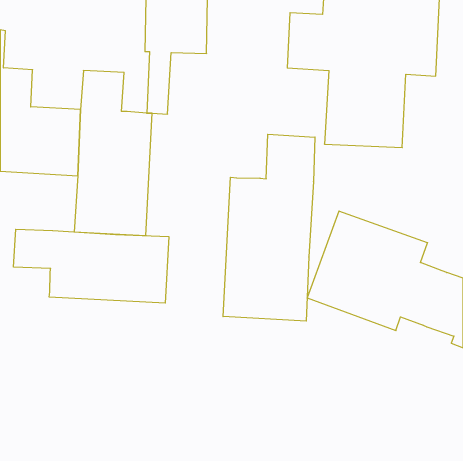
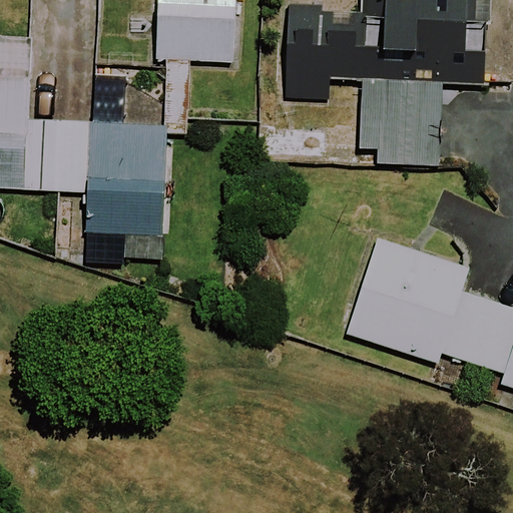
building: [223,134,315,321] -> none
building: [14,229,169,303] -> none

